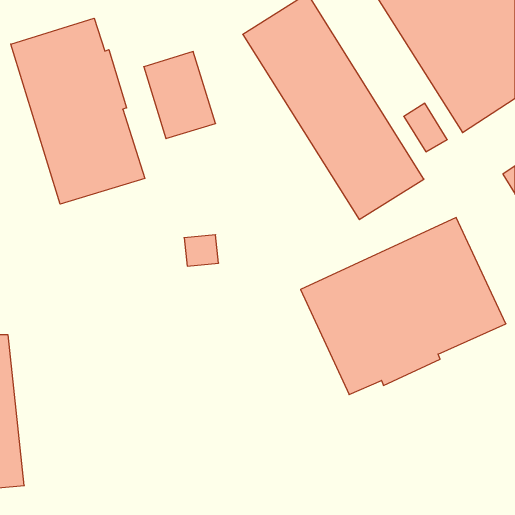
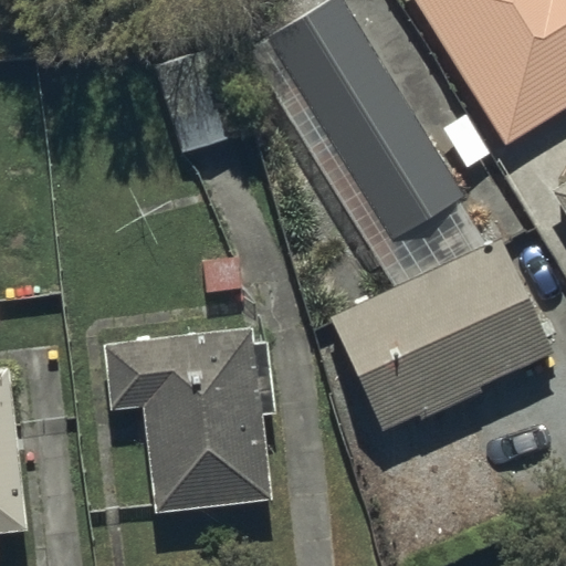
building: [11,18,145,204] -> none
building: none -> [102,327,275,513]

